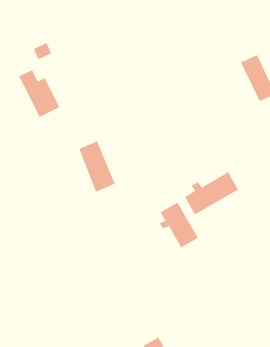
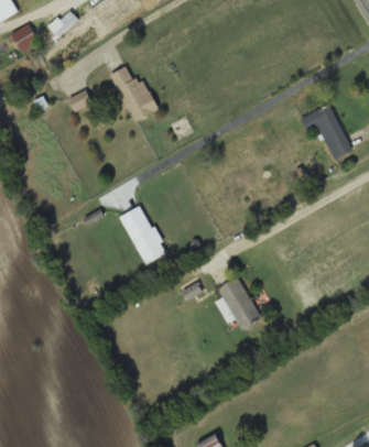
building: [18,70,60,118] -> [109,66,158,122]
building: [184,171,239,215] -> none

